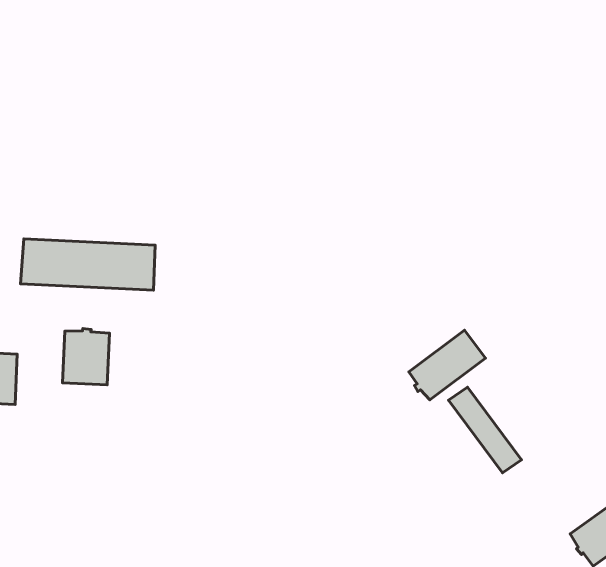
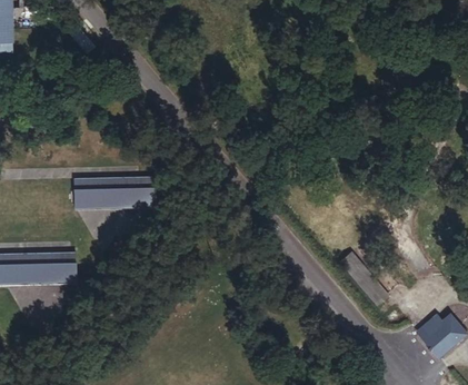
building: [63,329,110,385] -> none
building: [409,330,486,400] -> none

